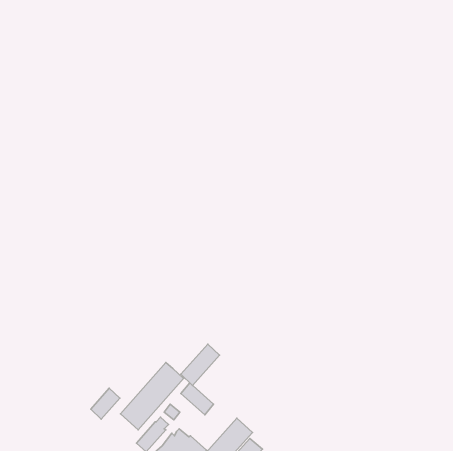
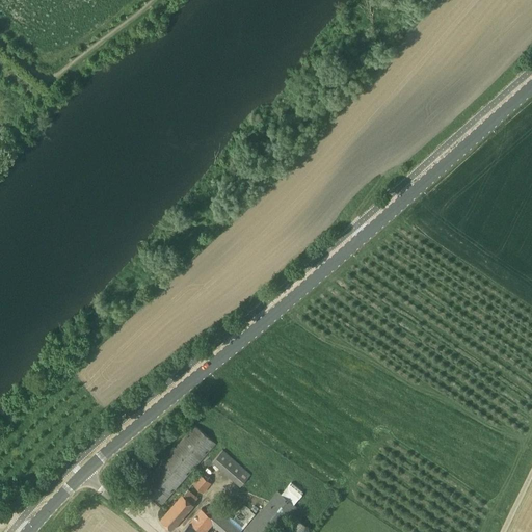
building: [181,344,219,385] -> none
building: [91,388,120,419] -> none

